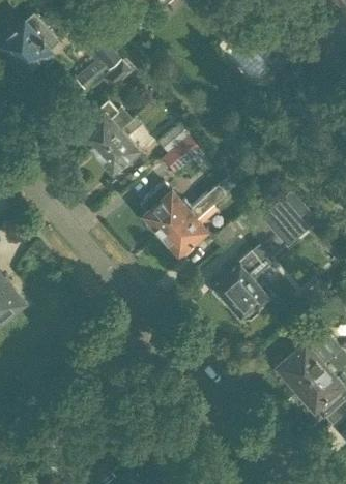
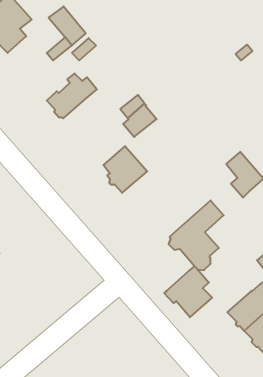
building: [95,121,142,174] -> none
building: [161,179,234,259] -> none
building: none -> [164,266,212,317]

